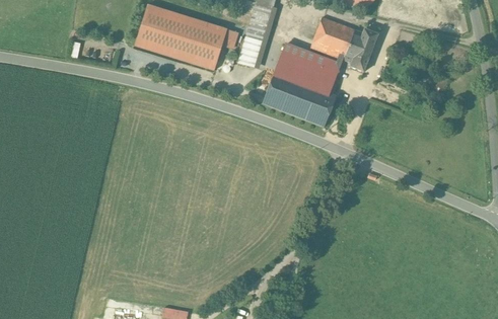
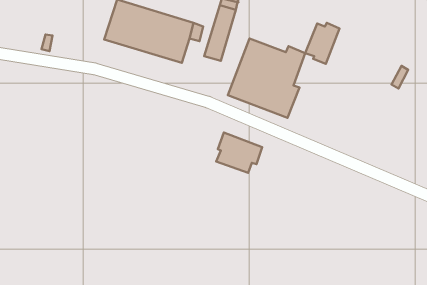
building: [311,17,355,60] -> none
building: none -> [216,133,262,173]

